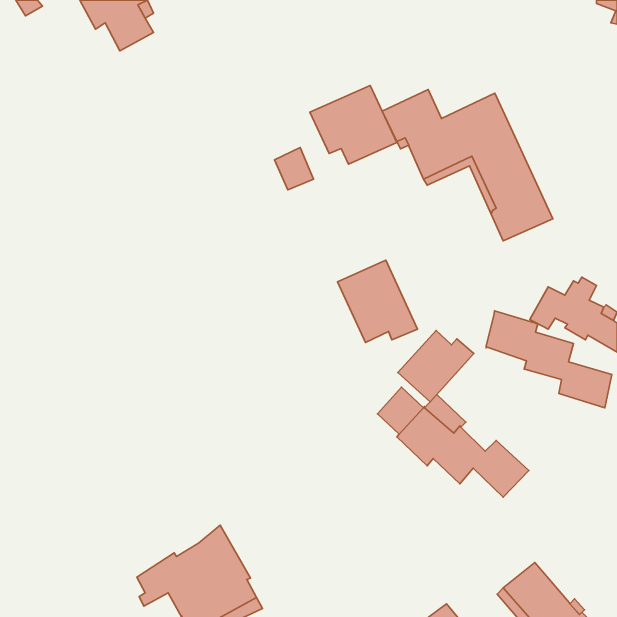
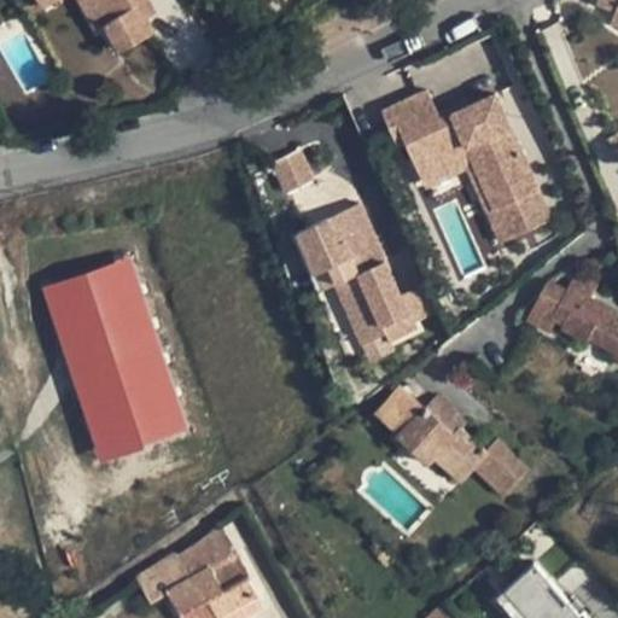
building: [310,86,397,164] -> [298,204,385,282]
building: none -> [40,258,187,464]
building: [486,311,612,408] -> none
building: [398,330,474,402] -> none

